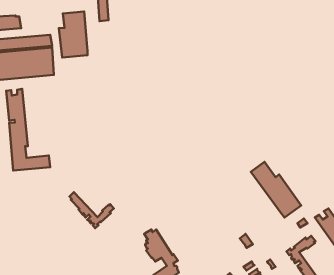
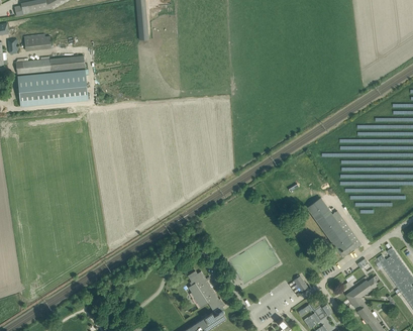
building: [59,11,88,57] -> none
building: [6,89,50,170] -> none
building: [69,192,114,228] -> none

